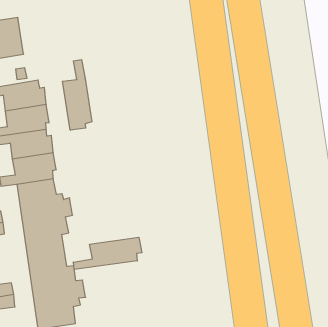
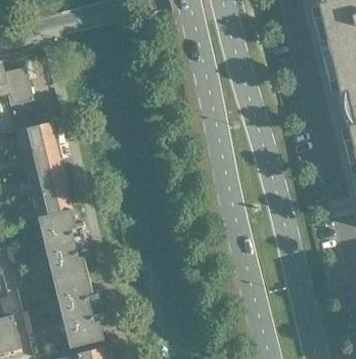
building: [62,60,92,130] -> none
building: [73,237,142,270] -> none

